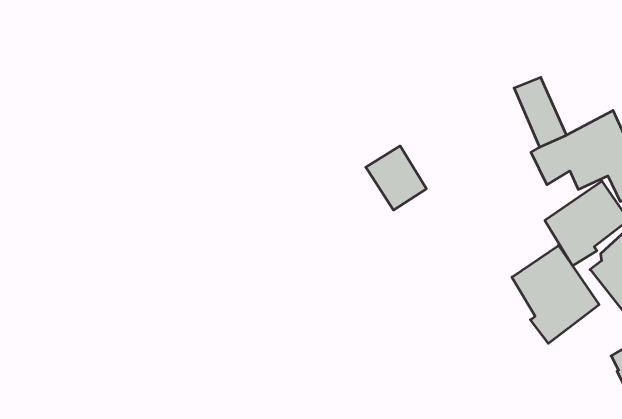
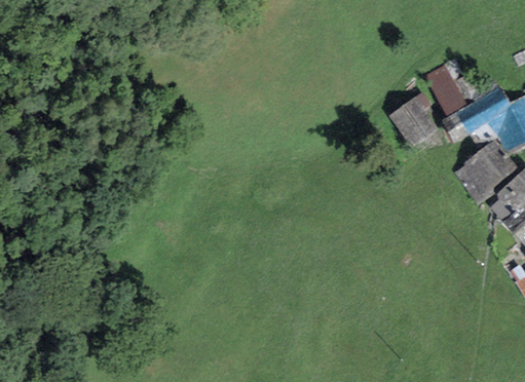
building: [366,146,426,210] -> [389,97,436,145]
building: [512,245,599,343] -> none

